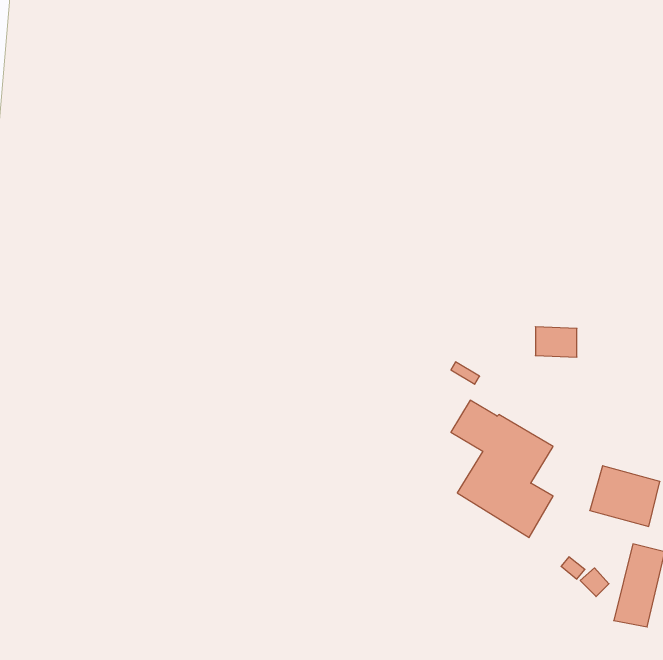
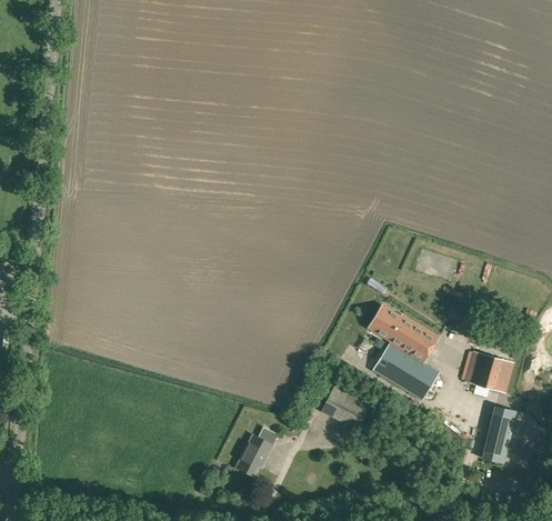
building: none -> [321,382,371,430]
building: none -> [234,427,277,475]

